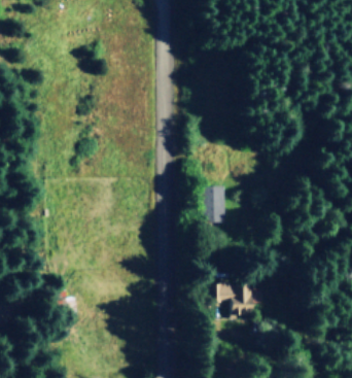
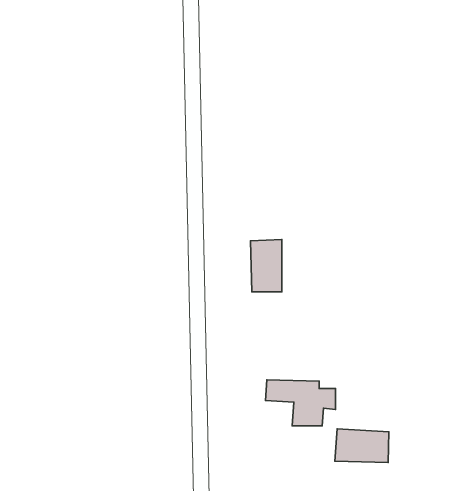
building: none -> [335,429,389,463]

